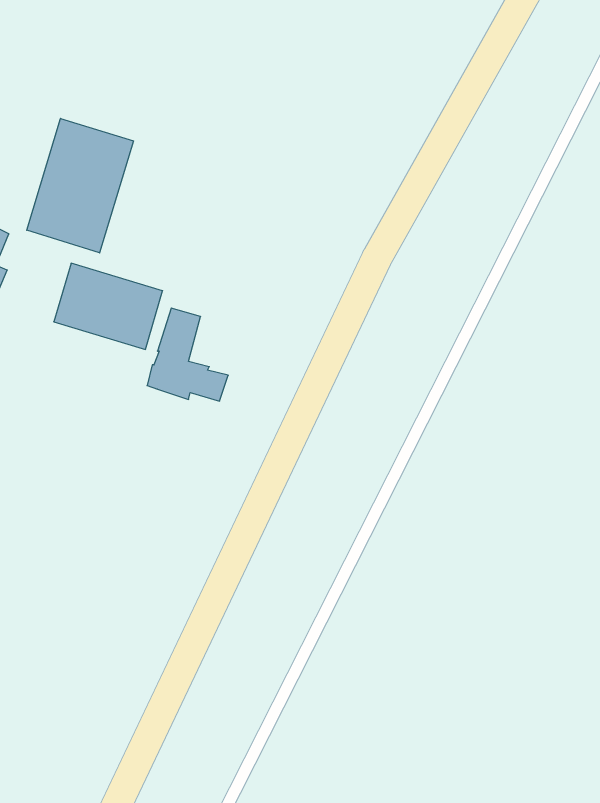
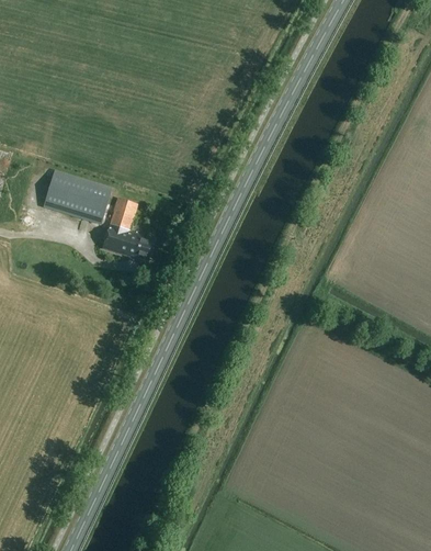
building: [27,118,134,253] -> none

